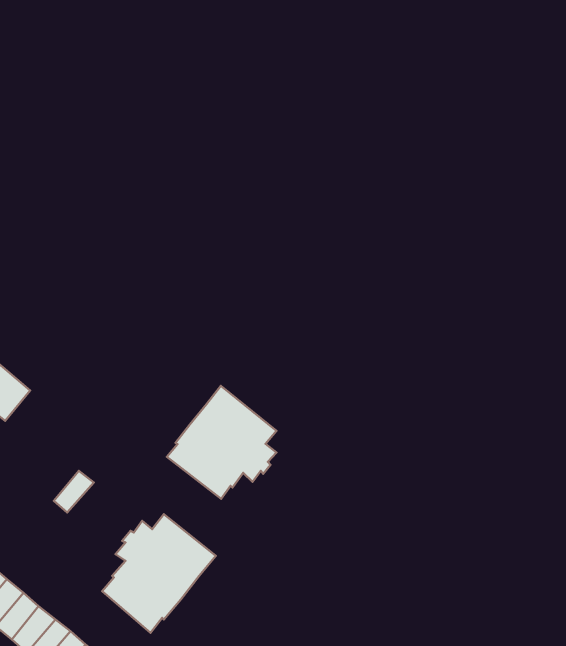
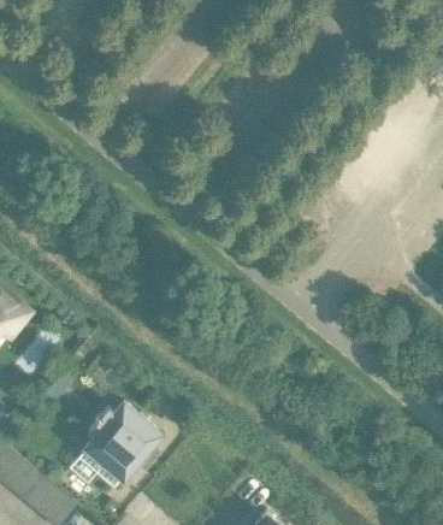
building: [167,386,277,499] -> none

